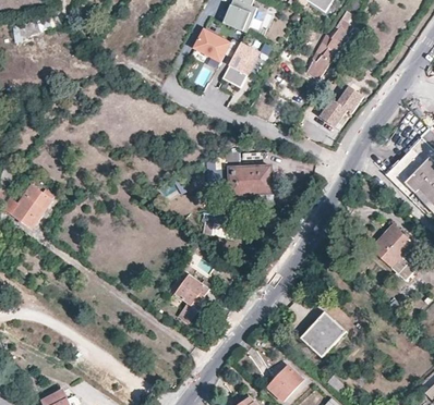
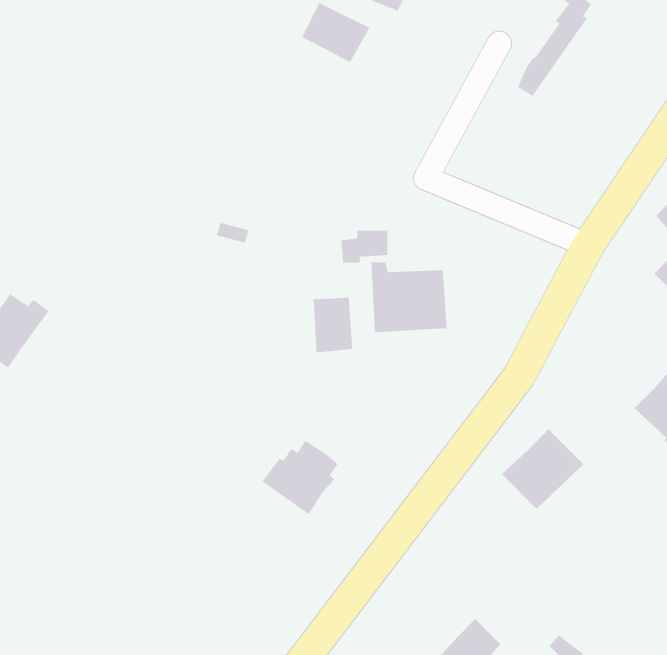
building: [225,41,258,83] -> none
building: [321,86,365,128] -> none
building: none -> [313,297,353,353]
building: [298,312,343,357] -> [501,429,584,510]

